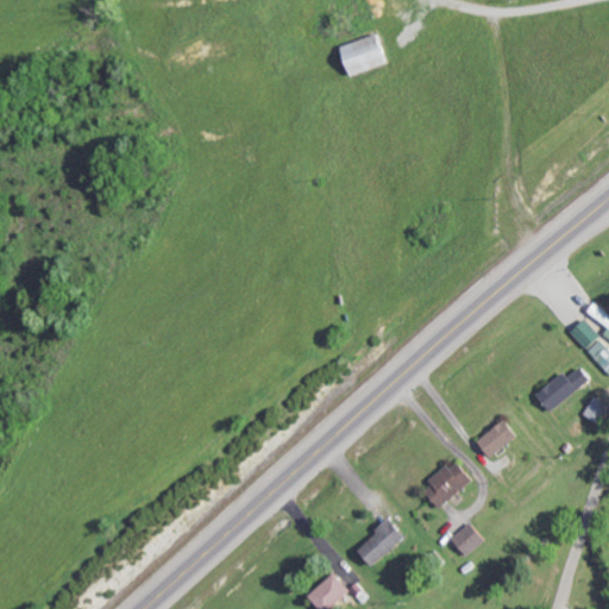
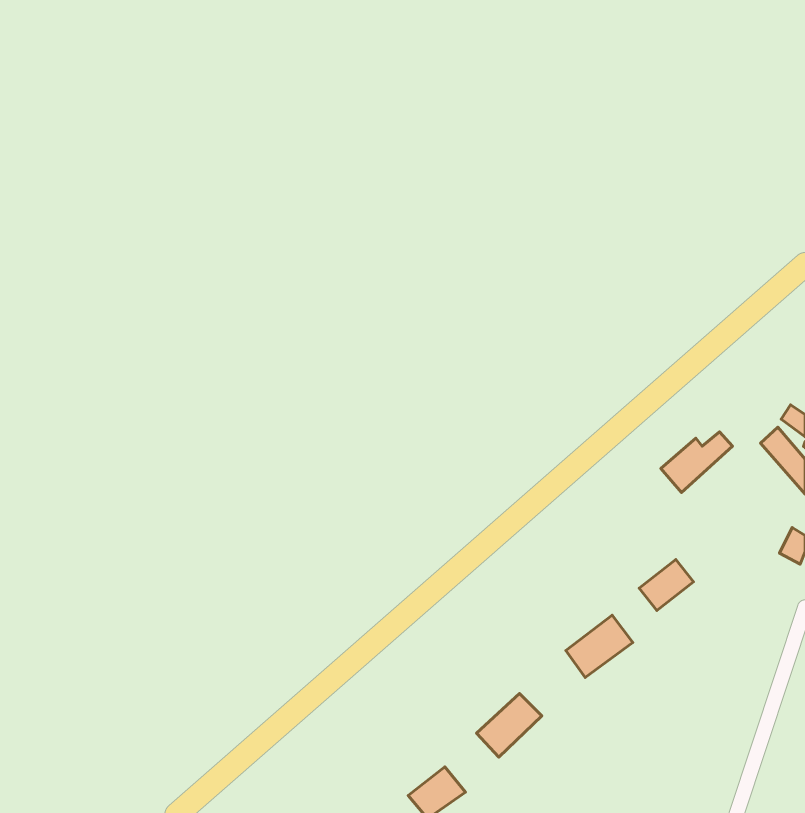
building: [340,34,387,75] -> none
building: [535,366,589,412] -> [661,432,732,493]
building: [450,521,483,554] -> none

